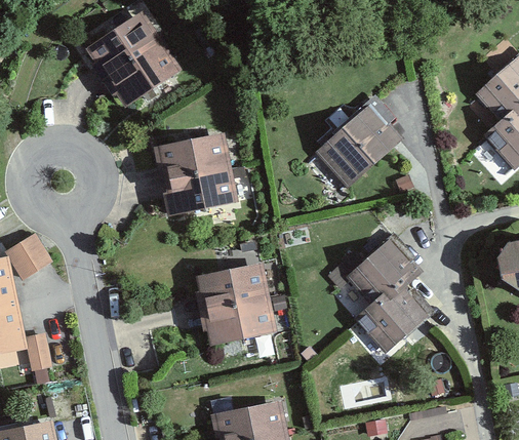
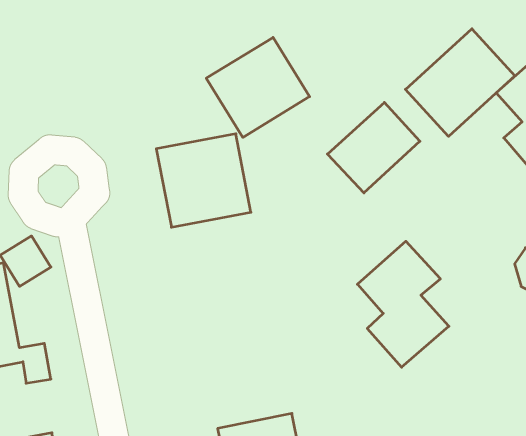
building: [82,12,181,108] -> [206,37,310,137]
building: none -> [405,29,515,136]
building: [191,266,278,346] -> none

